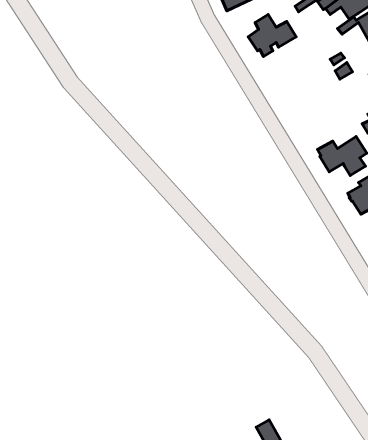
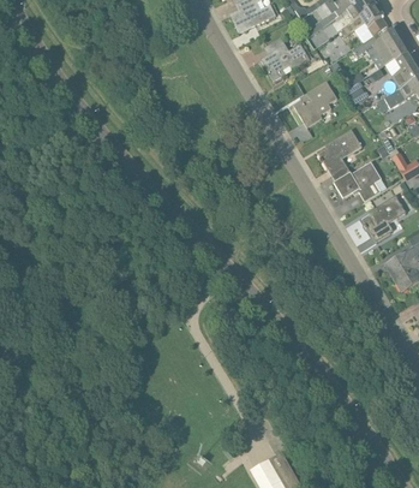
building: none -> [294,79,337,125]
building: none -> [318,127,361,173]

